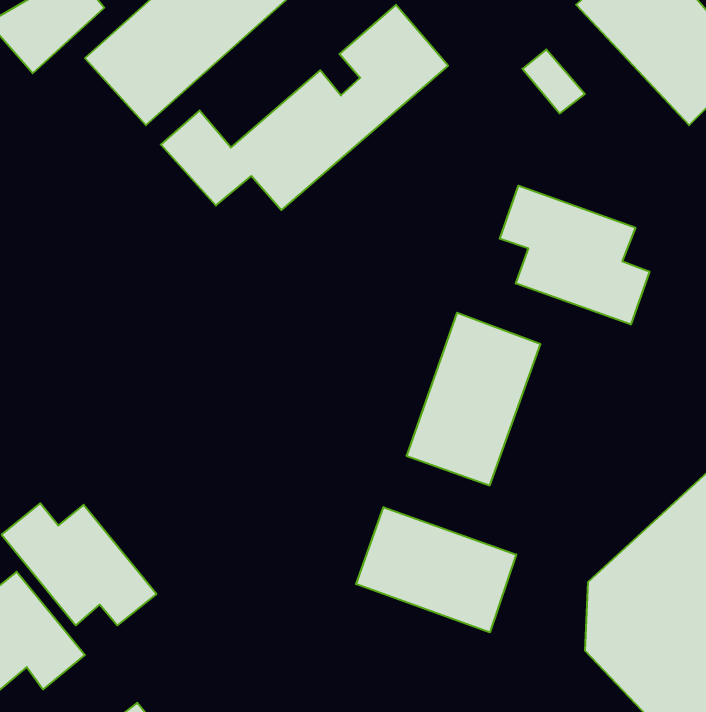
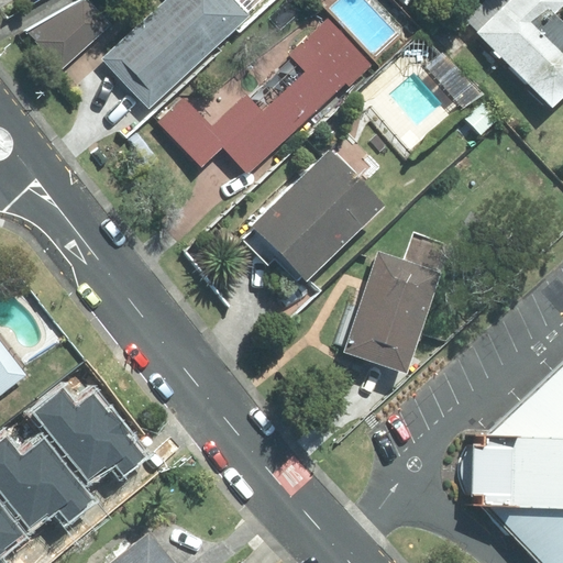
building: none -> [246,151,382,286]
building: [500,186,649,325] -> none
building: [356,507,516,632] -> none

